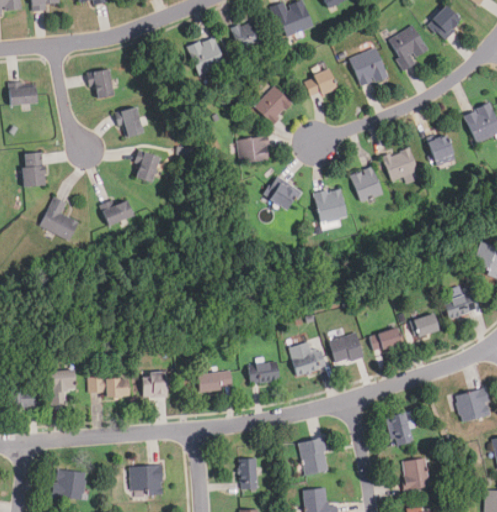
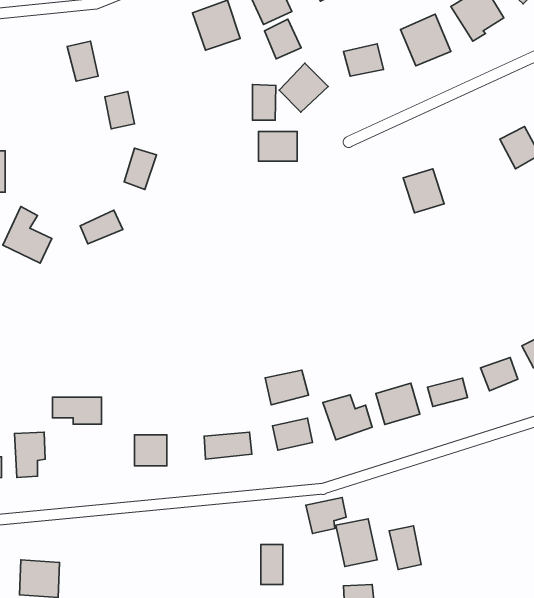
building: none -> [264,19,301,59]
building: none -> [253,84,276,120]
building: [383,147,417,180] -> none
building: [265,177,299,211] -> none
building: [314,188,345,221] -> none
building: none -> [265,370,308,405]
building: [89,377,127,398] -> [52,397,101,424]
building: [387,413,412,447] -> [389,526,421,570]
building: none -> [306,497,346,534]
building: [401,458,430,491] -> none
building: [131,466,162,493] -> none

